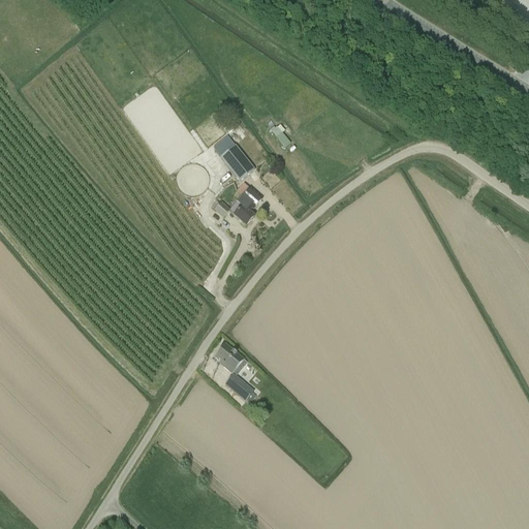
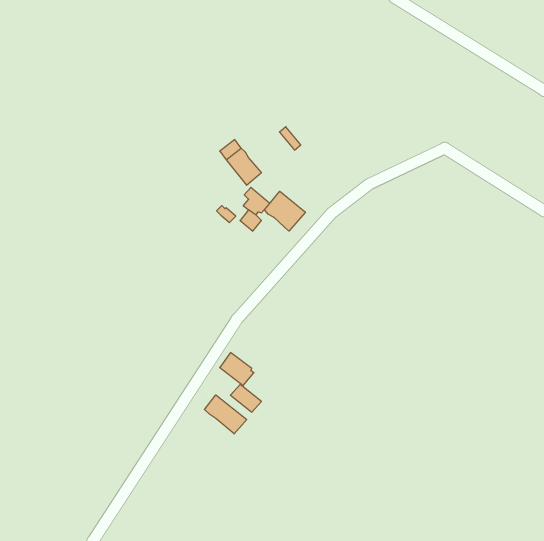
building: none -> [265,191,305,231]
building: none -> [204,395,247,434]

